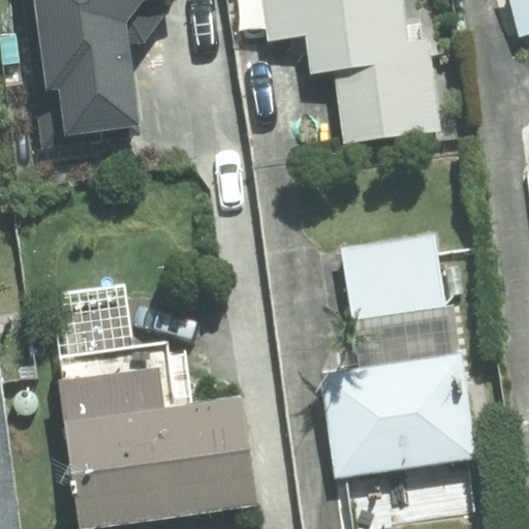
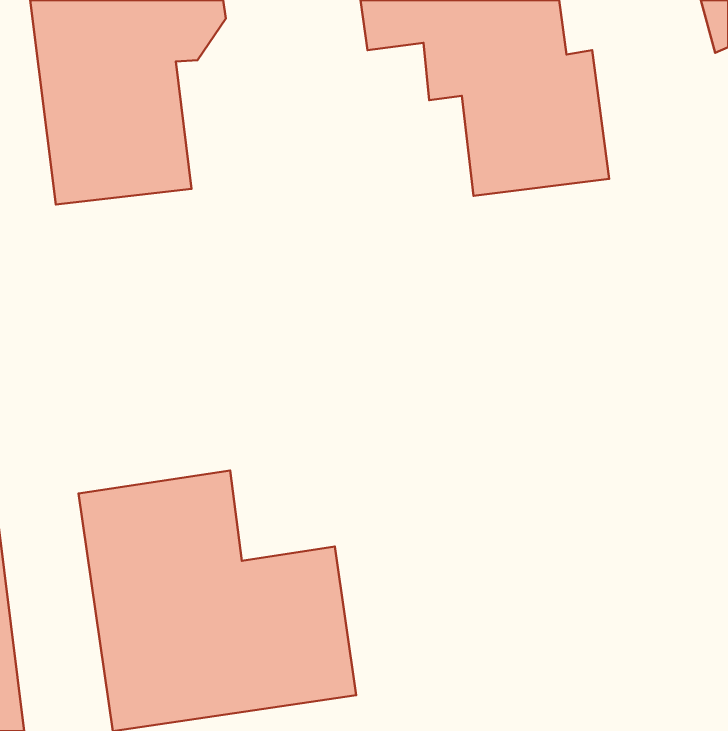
building: [342,232,445,319] -> none
building: [318,351,478,477] -> none

